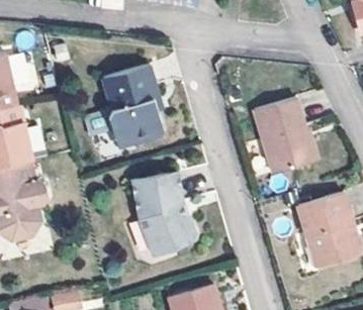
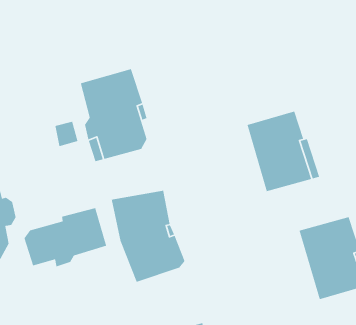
building: none -> [24,207,107,268]

